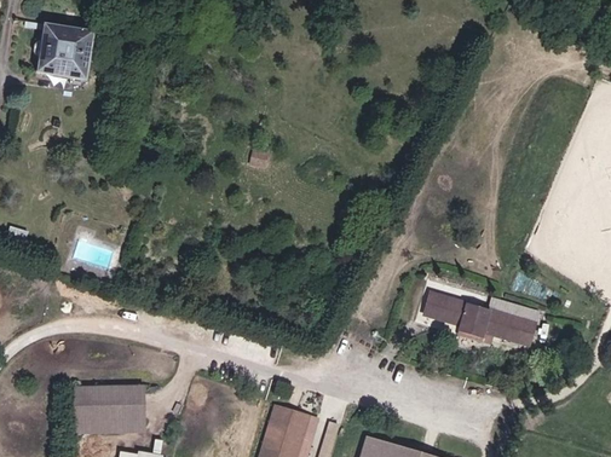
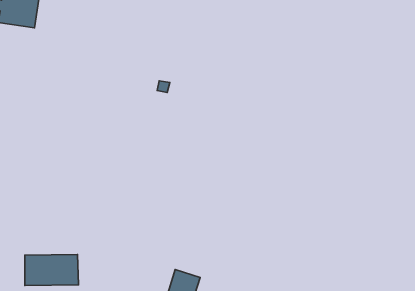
building: [427,295,536,345] -> none

